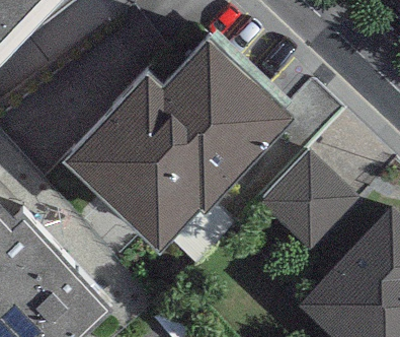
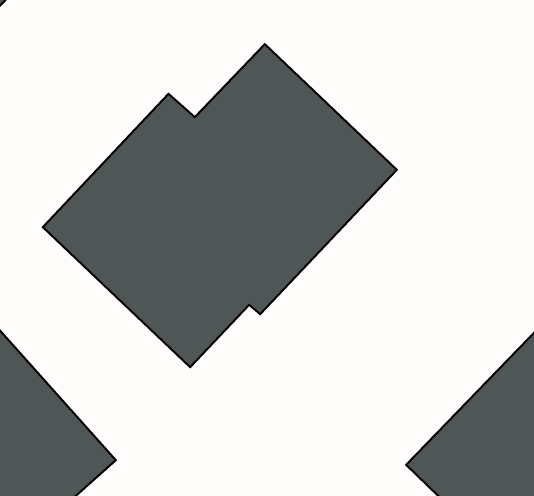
building: [258,160,356,259] -> none

